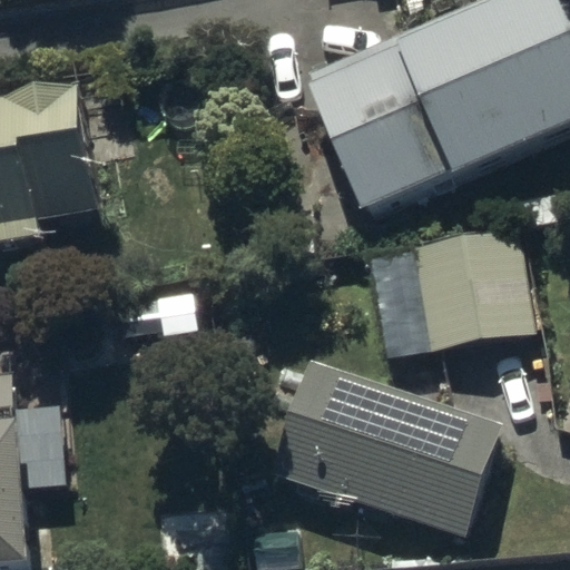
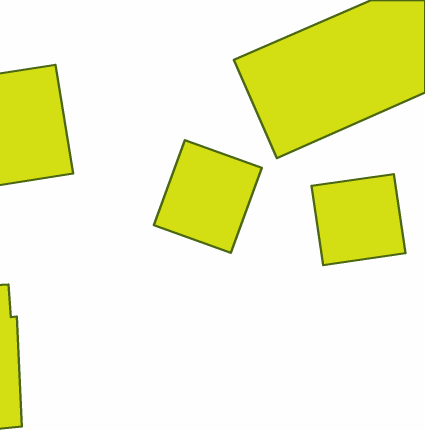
building: none -> [154,140,262,253]
building: [266,356,502,538] -> none

